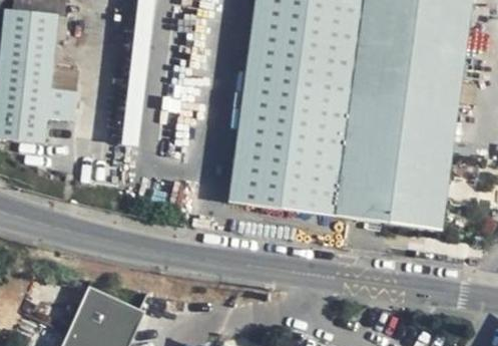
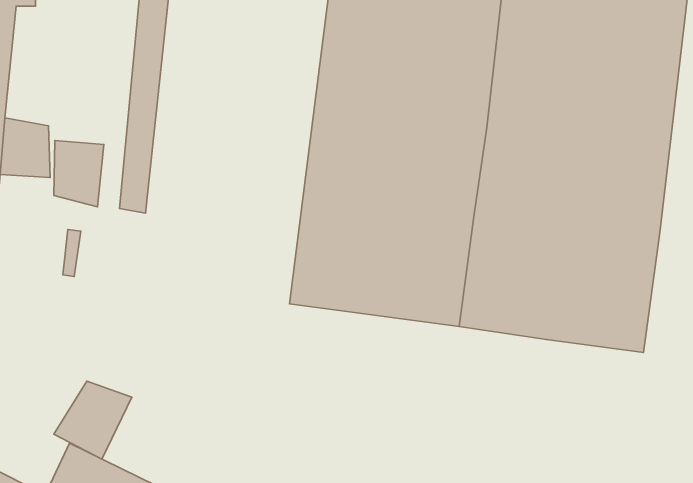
building: none -> [54,140,104,207]
building: none -> [54,381,132,459]

